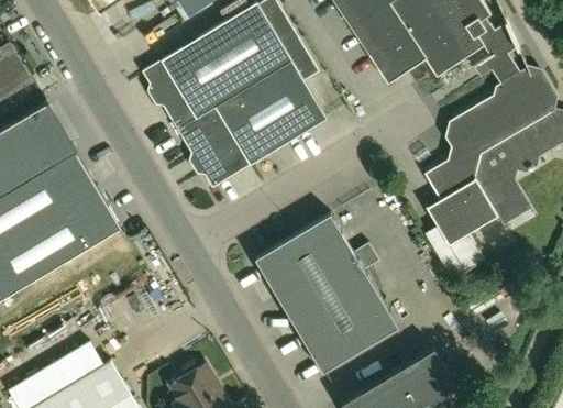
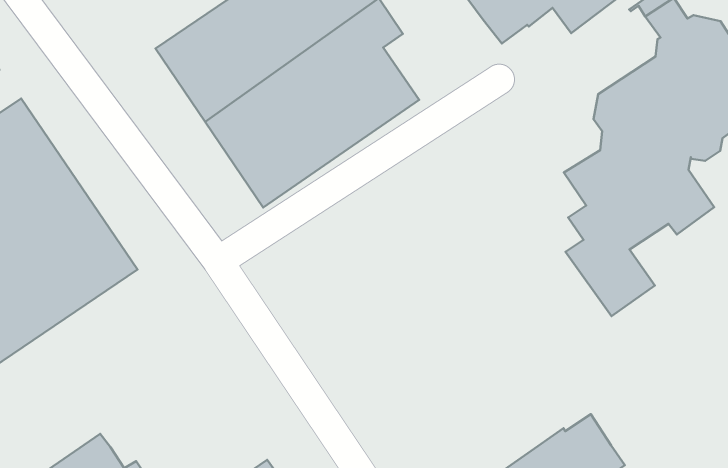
building: [254,213,398,372] -> none

